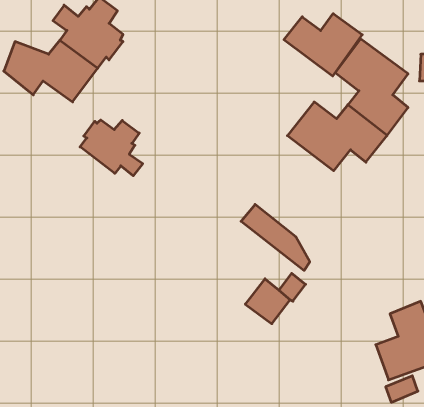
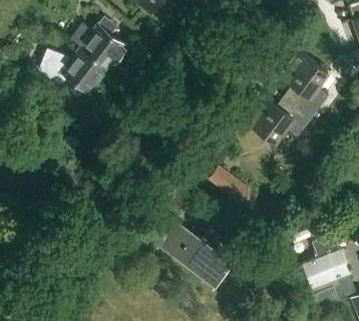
building: [284,14,362,76] -> none
building: [80,120,143,176] -> none
building: none -> [156,222,232,289]

